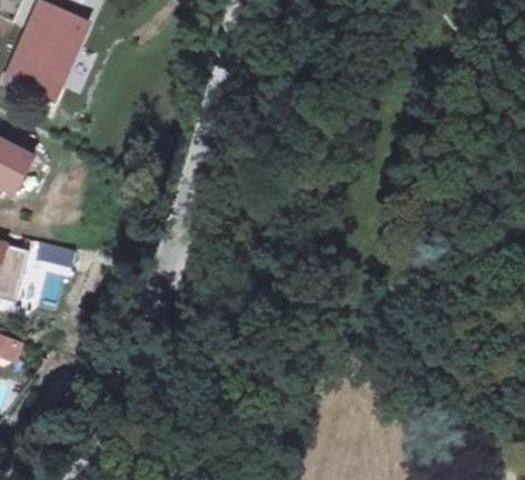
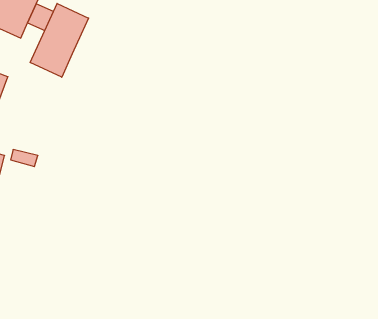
building: none -> [30,3,89,77]

